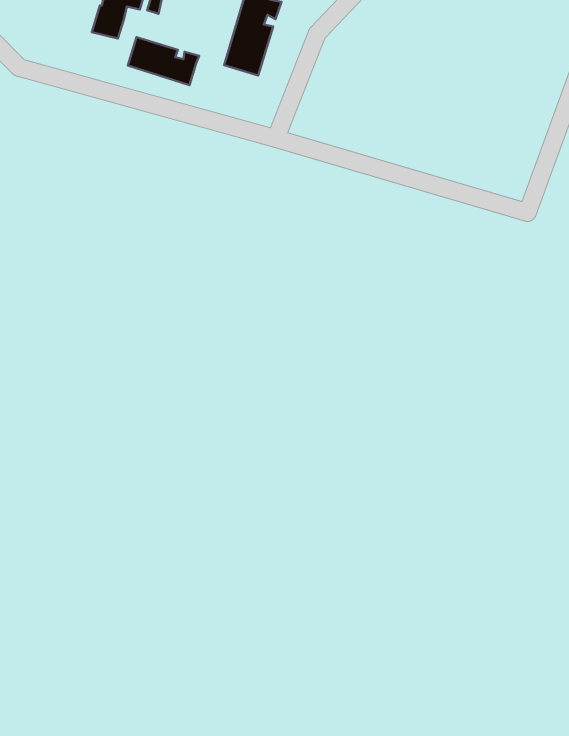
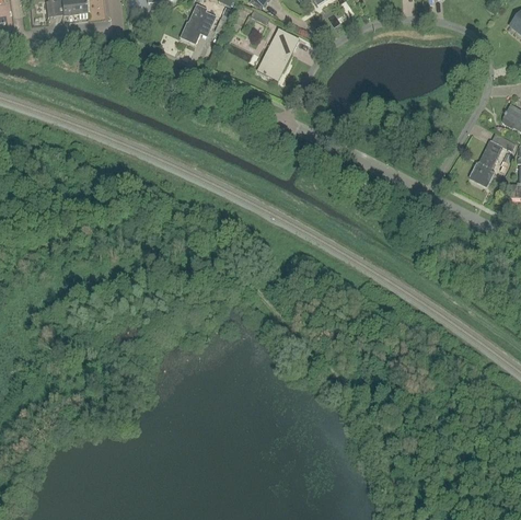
building: [128,37,199,85] -> none

